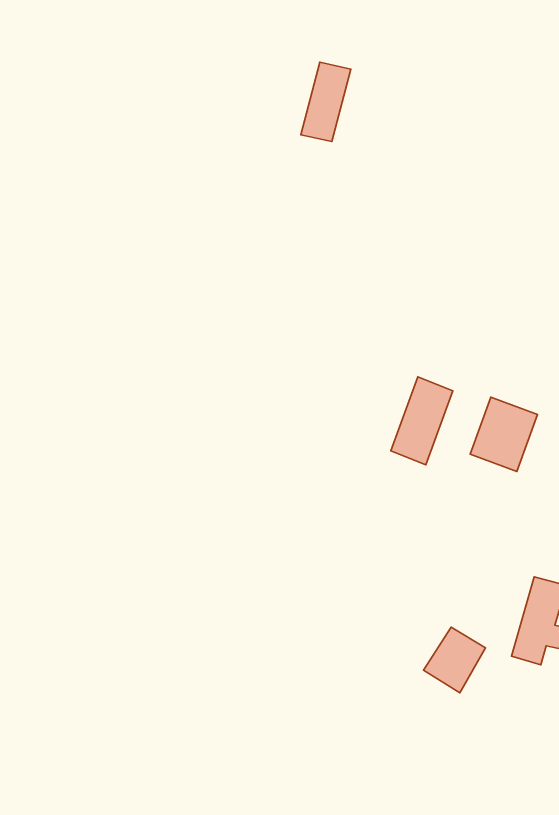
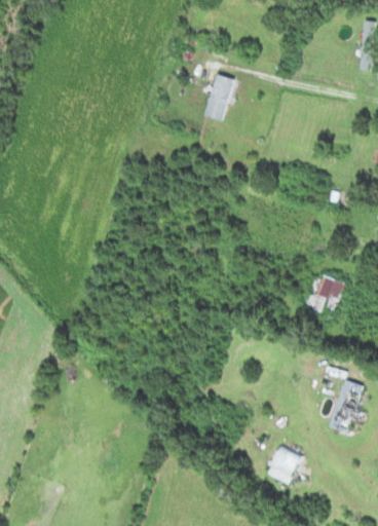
building: [391,377,453,465] -> none
building: [423,627,486,693] -> [266,446,303,485]

